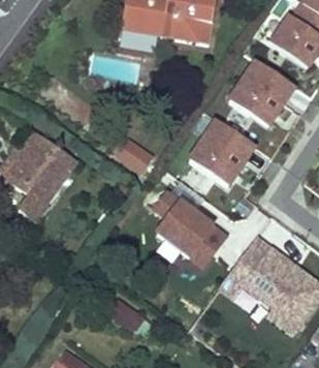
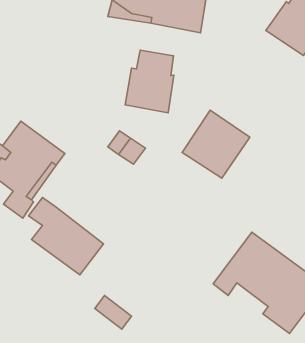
building: [229,61,294,126] -> none
building: none -> [125,50,174,113]
building: [154,191,226,266] -> [28,197,104,275]

